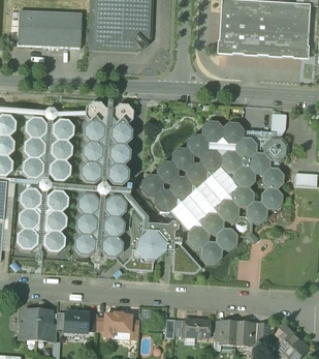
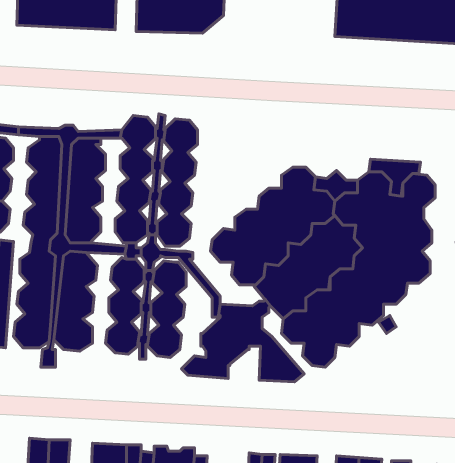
building: [201,121,243,143] -> none

